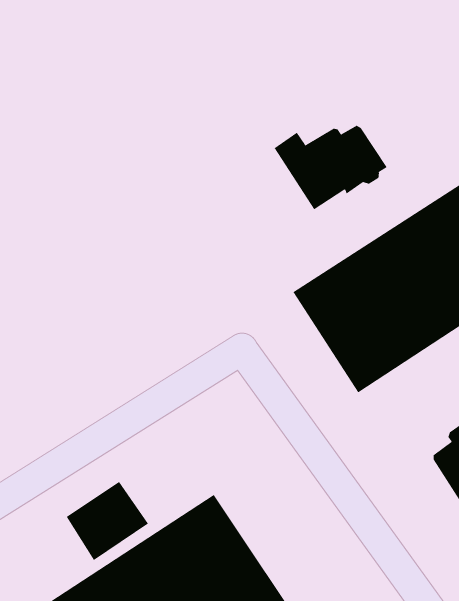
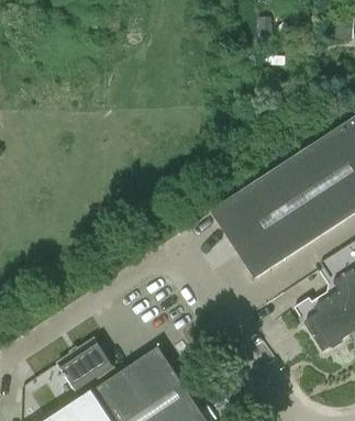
building: [274,125,387,210] -> none

